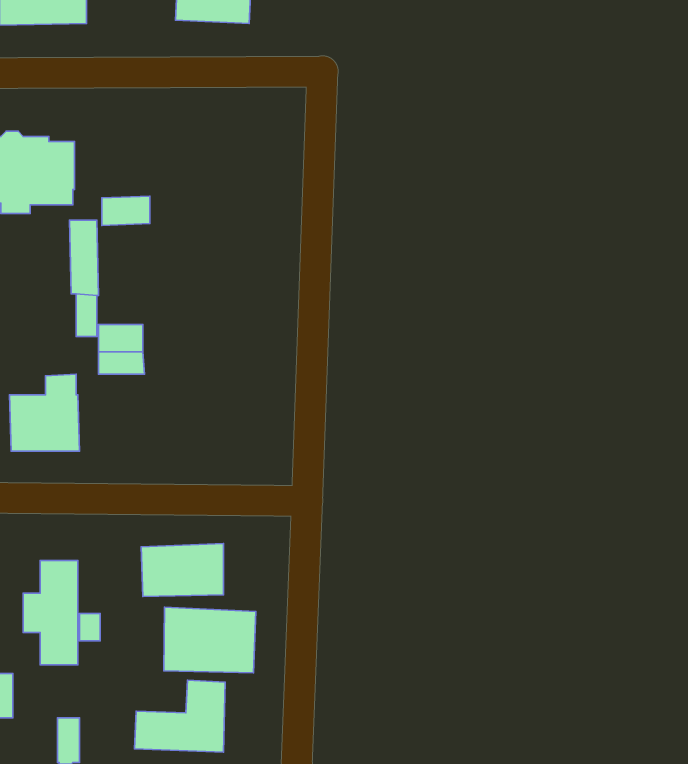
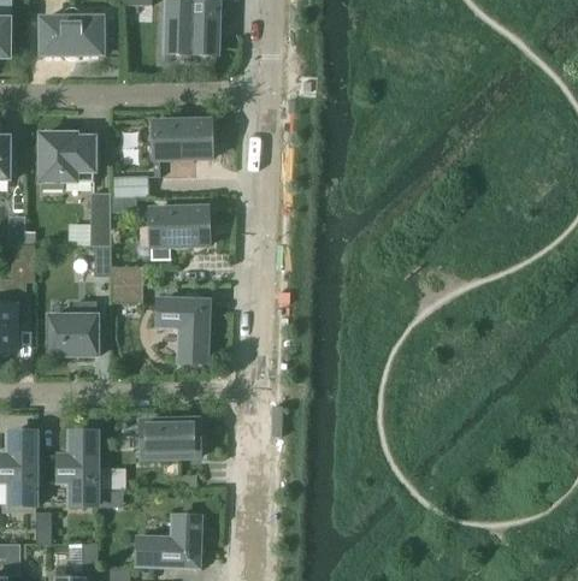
building: none -> [153,121,211,159]
building: none -> [151,208,208,259]
building: none -> [157,300,208,362]
building: [164,607,256,673] -> none

